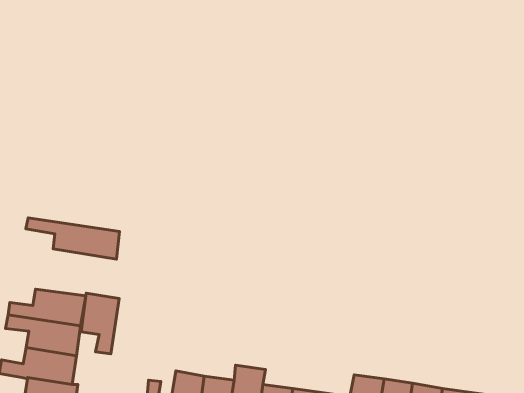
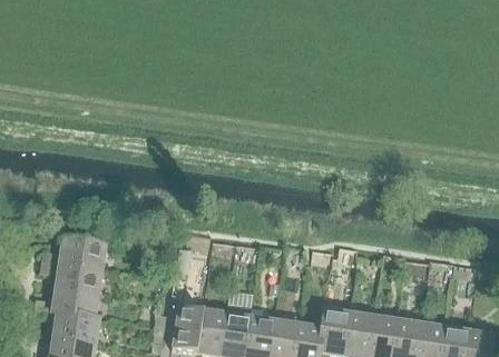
building: [26,218,119,259] -> none
building: [81,293,119,354] -> none

